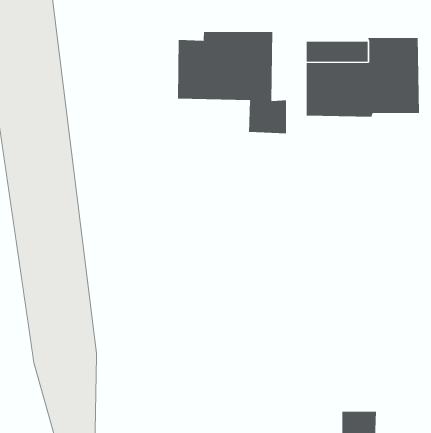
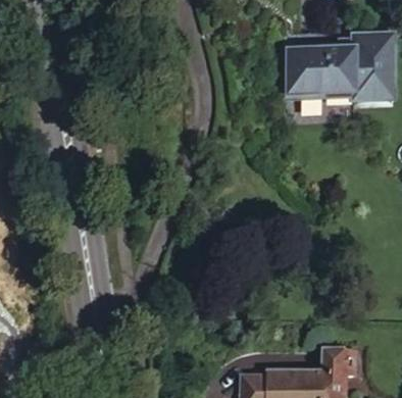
building: [178,31,287,134] -> none

